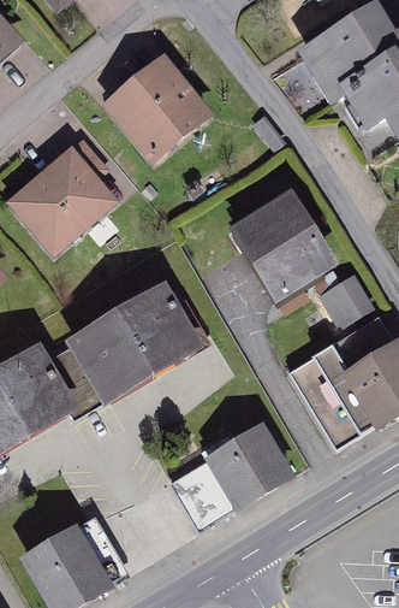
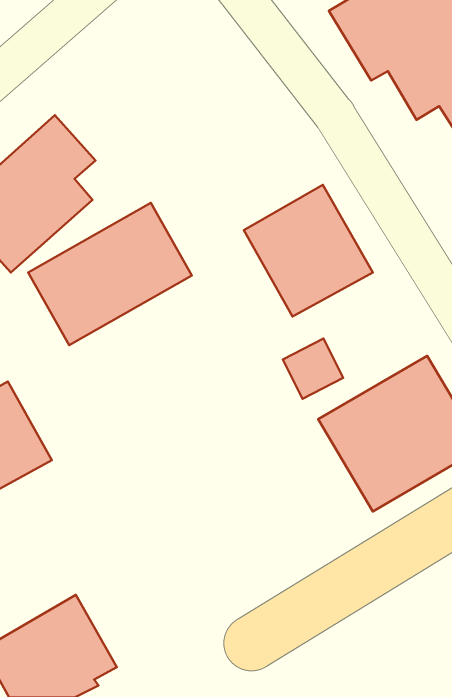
building: [100,57,206,161] -> none
building: [322,279,370,327] -> [283,338,343,399]
building: [72,283,202,396] -> [28,203,192,345]
building: [173,421,298,526] -> none

